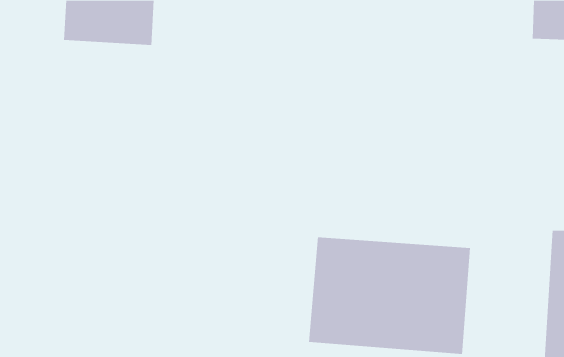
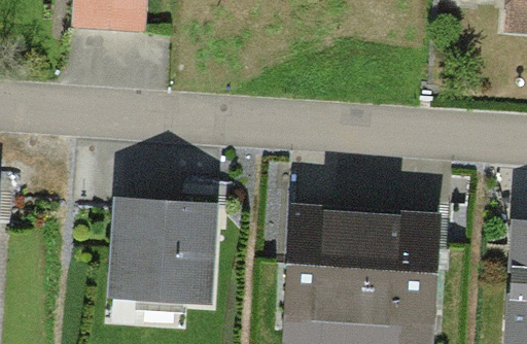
building: none -> [109,190,219,301]

